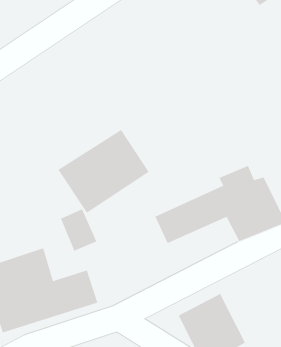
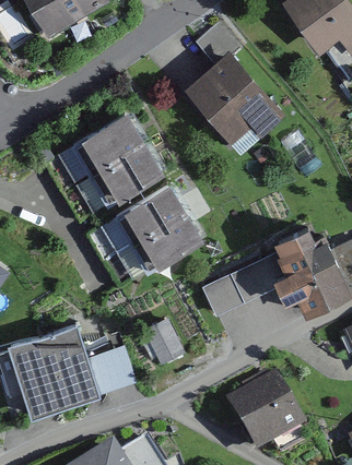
building: none -> [186,50,286,141]
building: none -> [51,112,157,213]
building: [60,209,97,251] -> [144,318,186,366]

